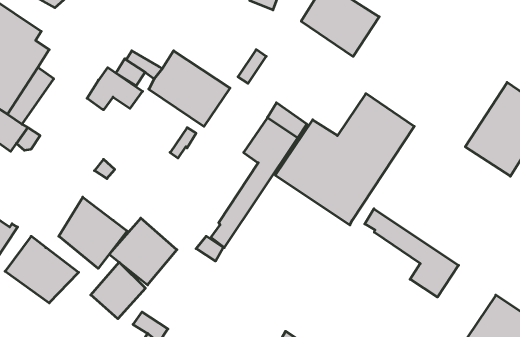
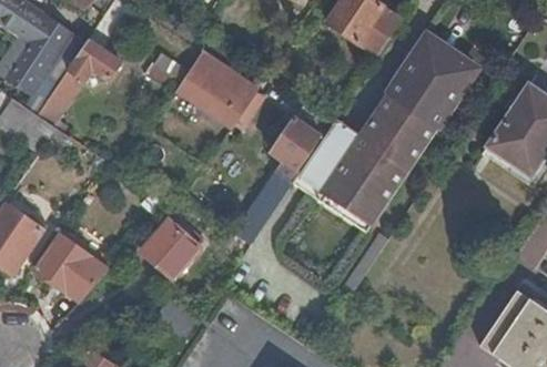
building: none -> [389,35,475,125]
building: [87,68,143,109] -> [68,38,122,79]
building: [59,197,127,268] -> none
building: [365,209,459,297] -> none
building: [91,262,145,319] -> none

